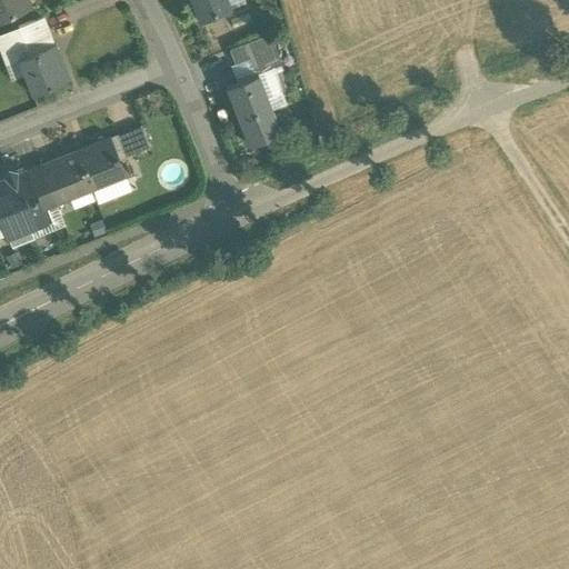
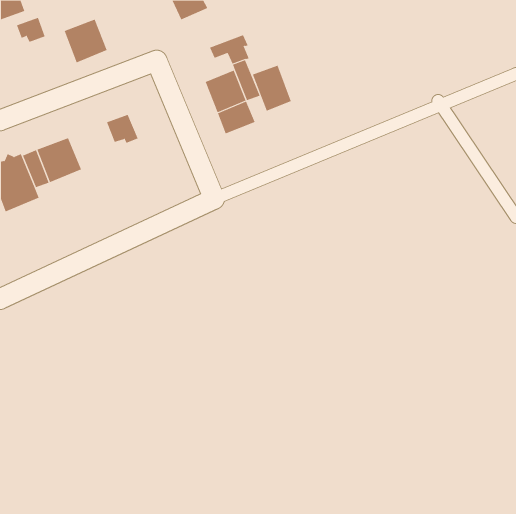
building: [19,49,67,98] -> [64,19,107,63]
building: none -> [252,65,291,112]
building: [76,140,124,189] -> none

